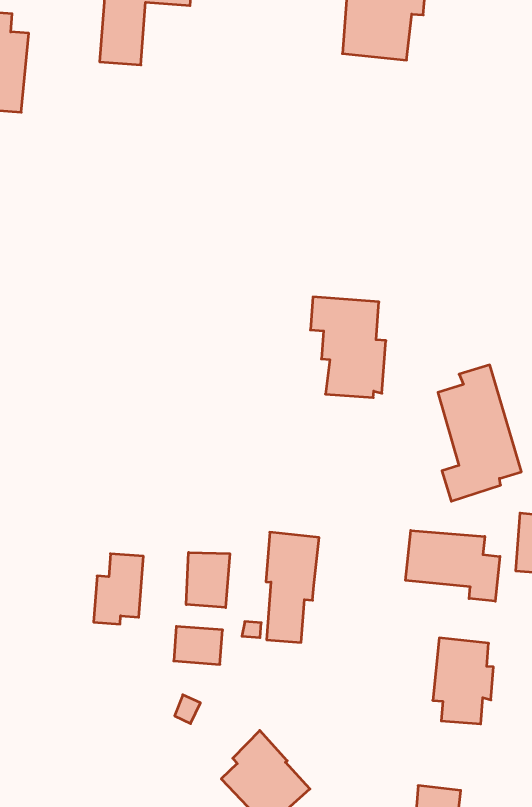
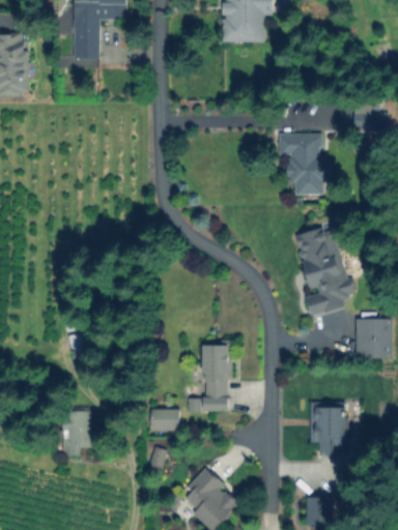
building: [310,297,386,398] -> [279,136,326,196]
building: [406,530,500,601] -> none
building: [186,552,230,608] -> none
building: [94,554,143,624] -> [60,409,88,452]

